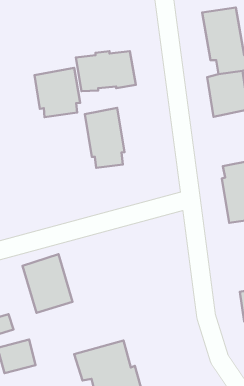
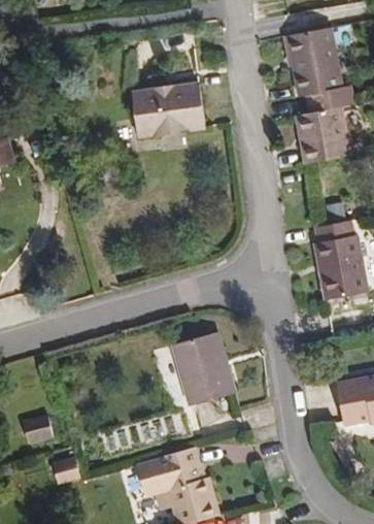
building: [35,68,80,117] -> none
building: [85,108,124,168] -> none
building: [22,254,72,313] -> [168,332,231,405]

